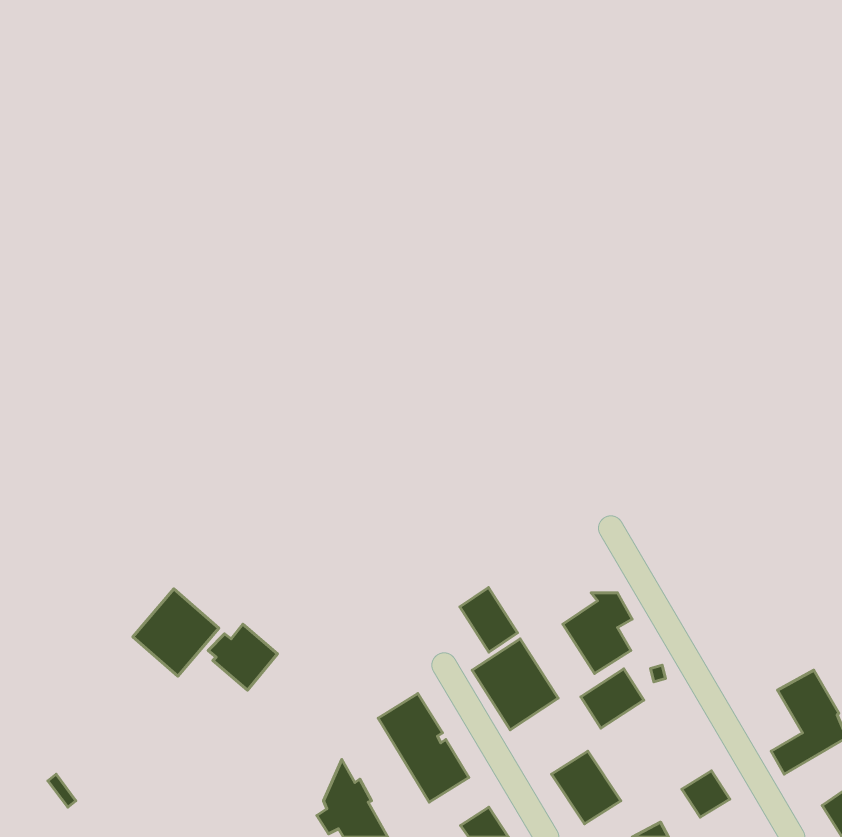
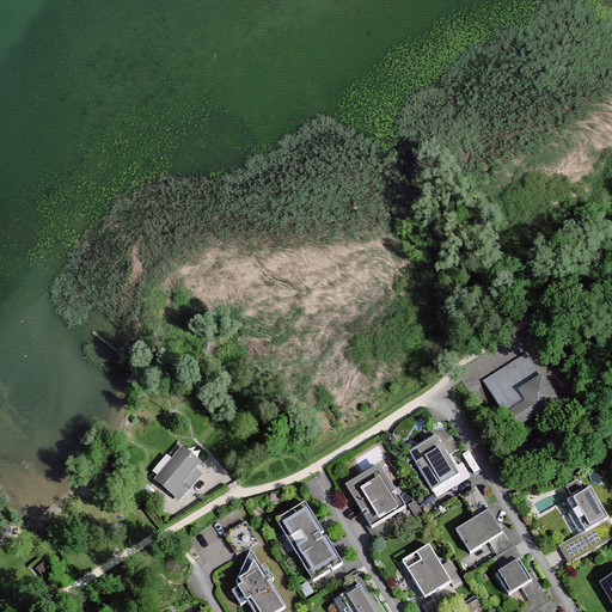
building: none -> [484,351,559,428]
building: [460,588,517,652] -> none
building: [133,589,219,676] -> none
building: [581,669,644,728] -> [454,508,500,551]

